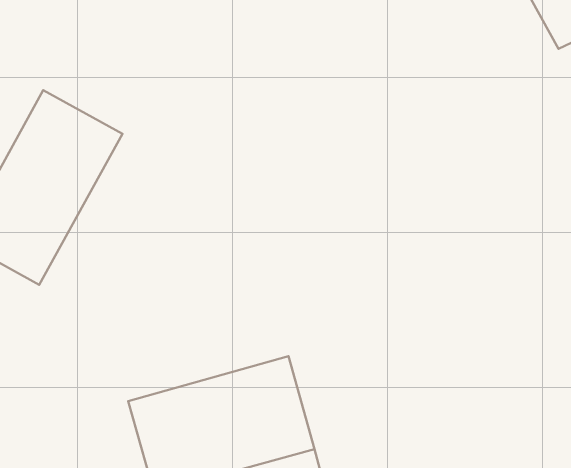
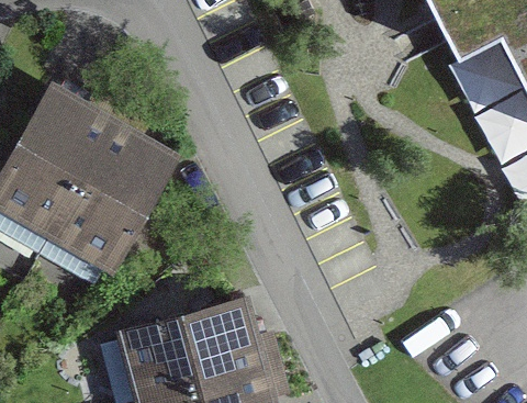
building: none -> [46,121,177,277]

